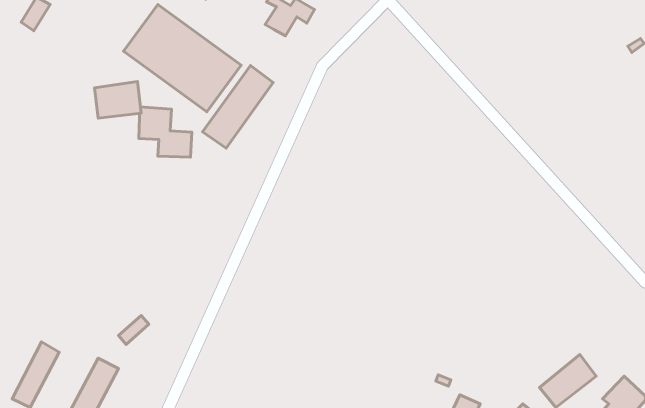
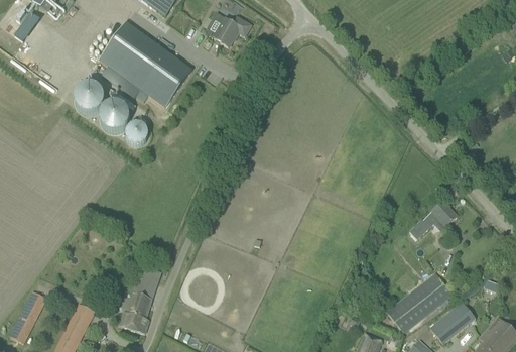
building: [202,65,273,148] -> none
building: none -> [409,201,457,239]
building: none -> [119,266,160,333]
building: none -> [386,272,454,333]

